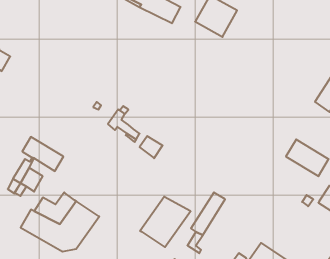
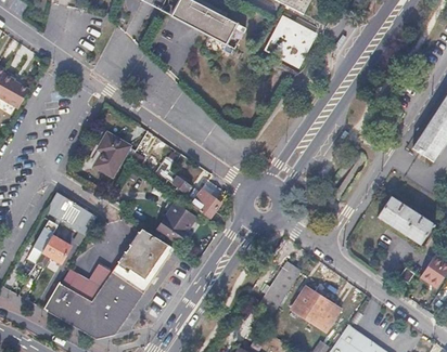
building: none -> [92,134,129,180]
building: none -> [157,201,196,242]
building: [140,197,191,247] -> [111,229,175,292]
building: none -> [293,286,341,329]

